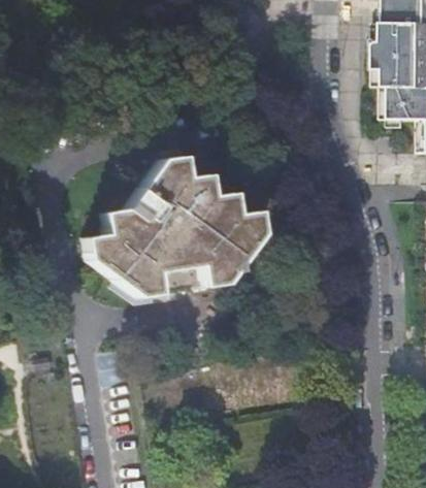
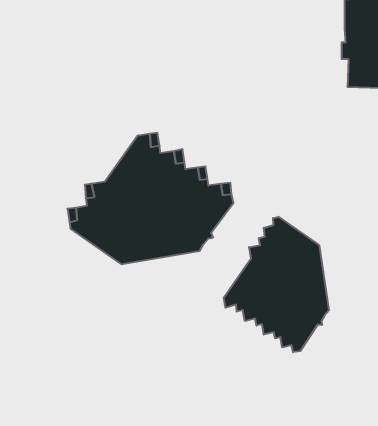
building: none -> [224,217,329,352]

